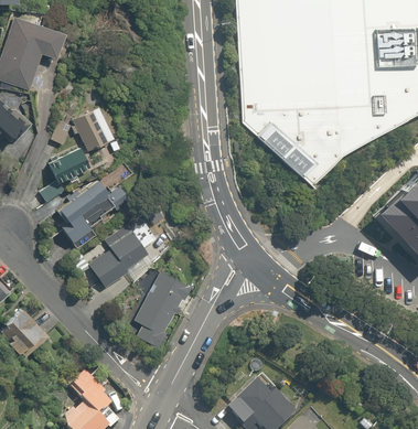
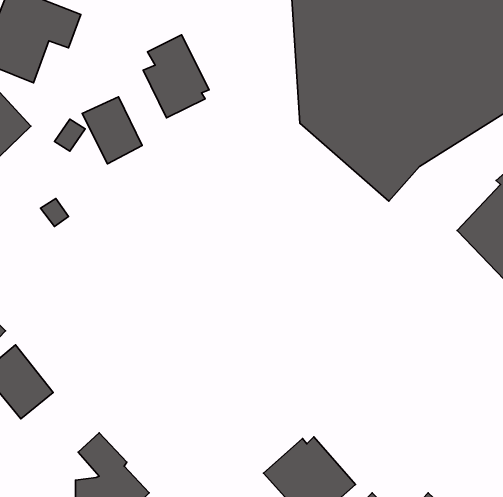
building: none -> [143,35,209,118]
building: [46,147,92,185] -> none
building: [56,184,136,248] -> none
building: [86,224,156,289] -> none
building: [135,271,195,351] -> none

